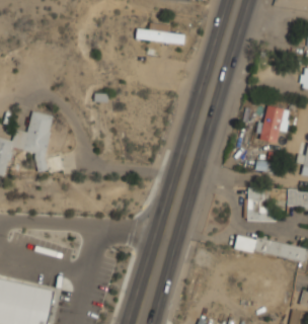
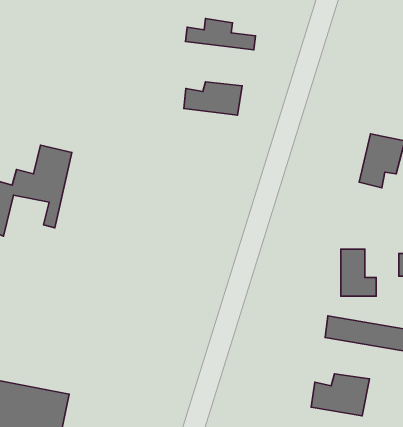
building: none -> [184,82,242,115]
building: none -> [311,374,369,416]

